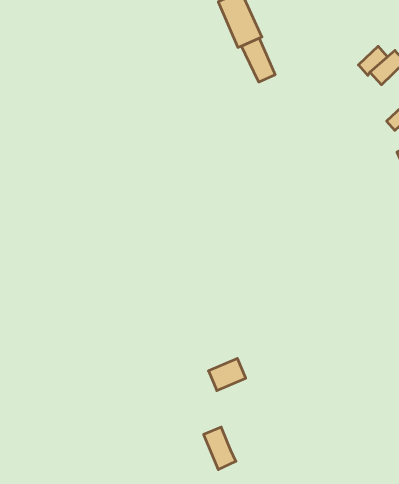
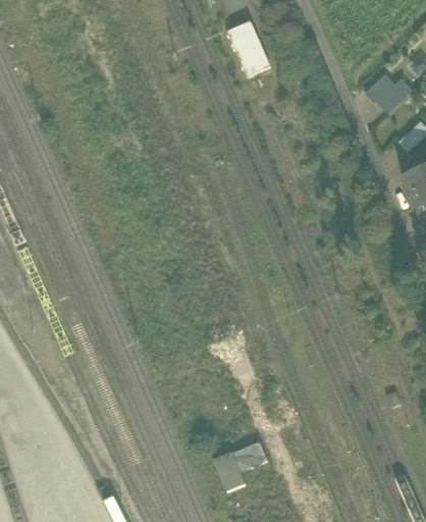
building: [241,38,275,82] -> none
building: [208,358,246,391] -> [232,439,269,471]

